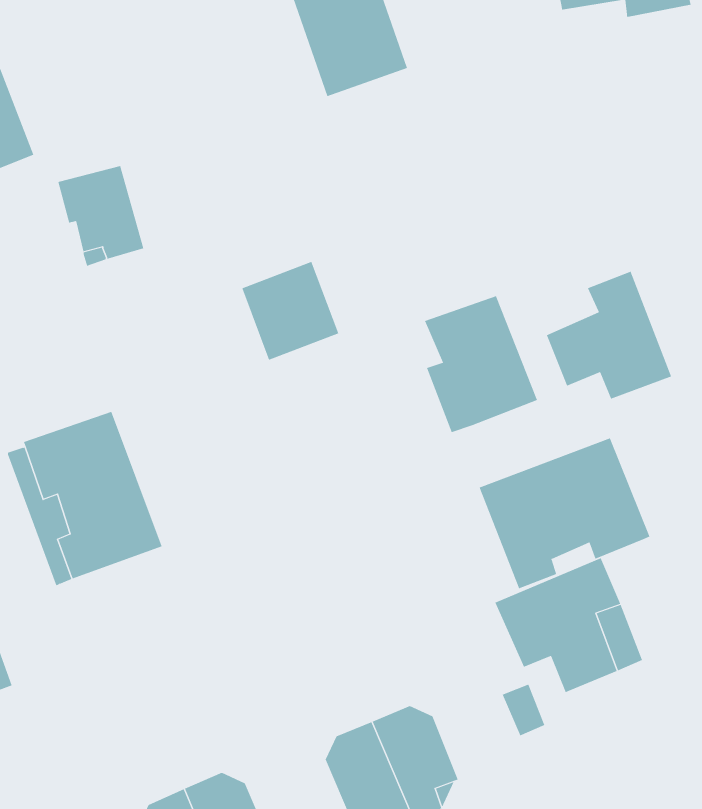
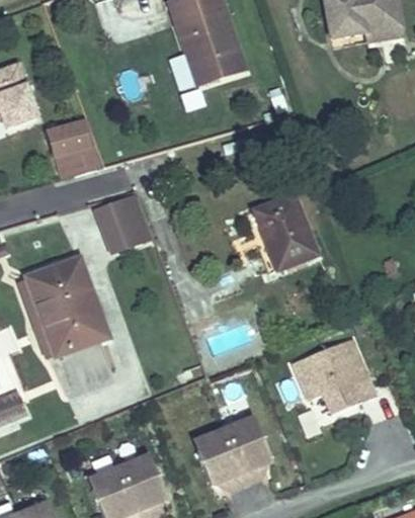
building: [241,261,339,360] -> [96,193,151,249]
building: [546,271,672,400] -> none
building: [479,438,650,589] -> none

